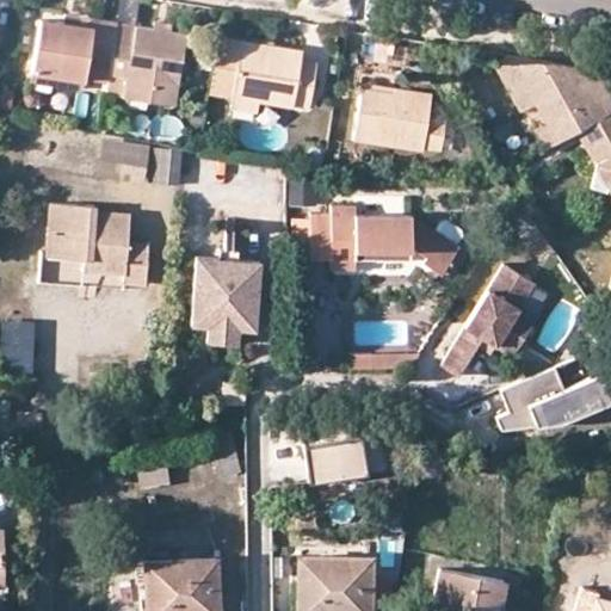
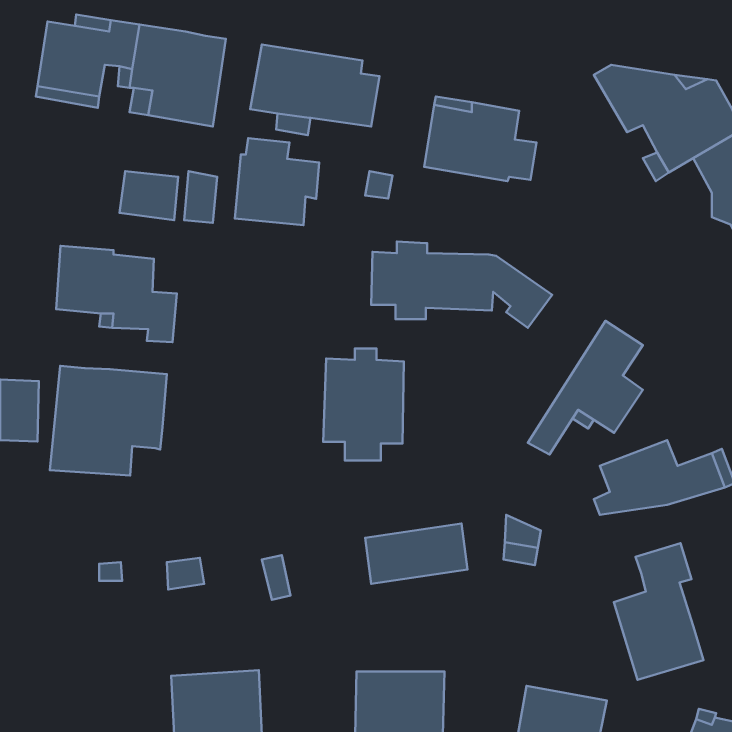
building: none -> [235,138,319,225]
building: [195,255,261,348] -> [323,348,404,461]
building: none -> [50,366,167,475]
building: none -> [614,543,703,680]

